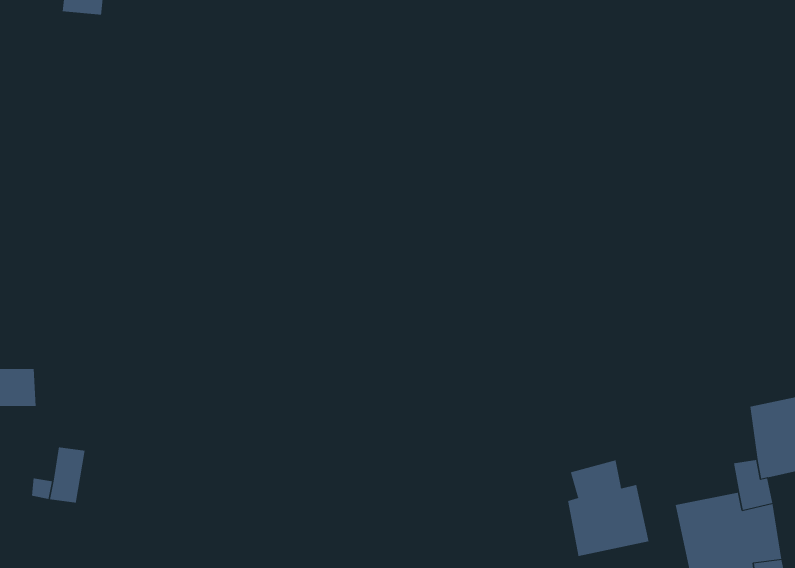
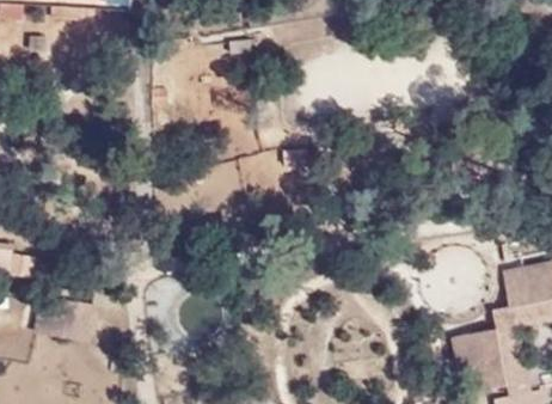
building: [567,459,649,557] -> none

